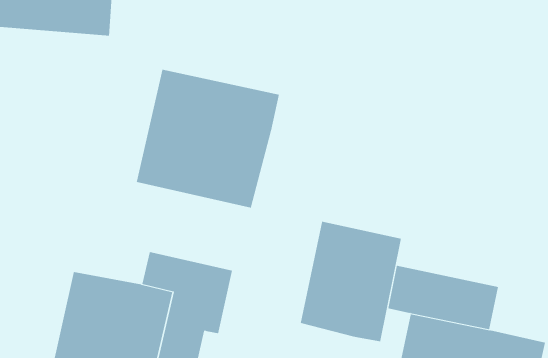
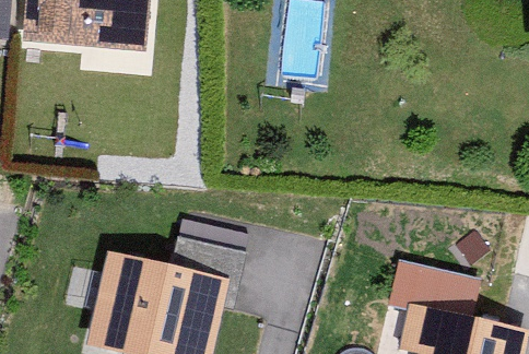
building: [136,69,279,209] -> none
building: [300,221,402,342] -> none

